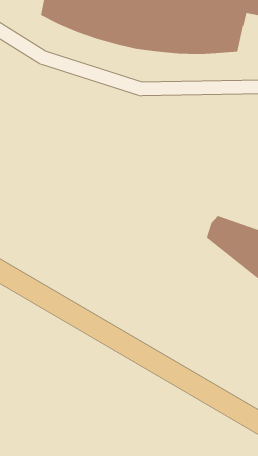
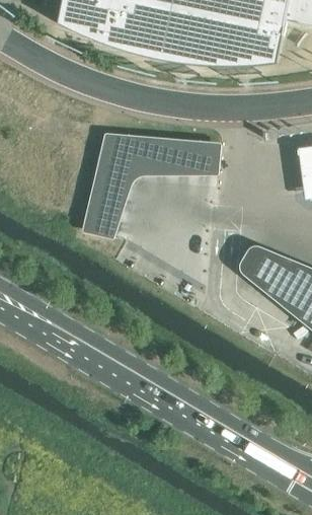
building: none -> [91,134,220,234]

